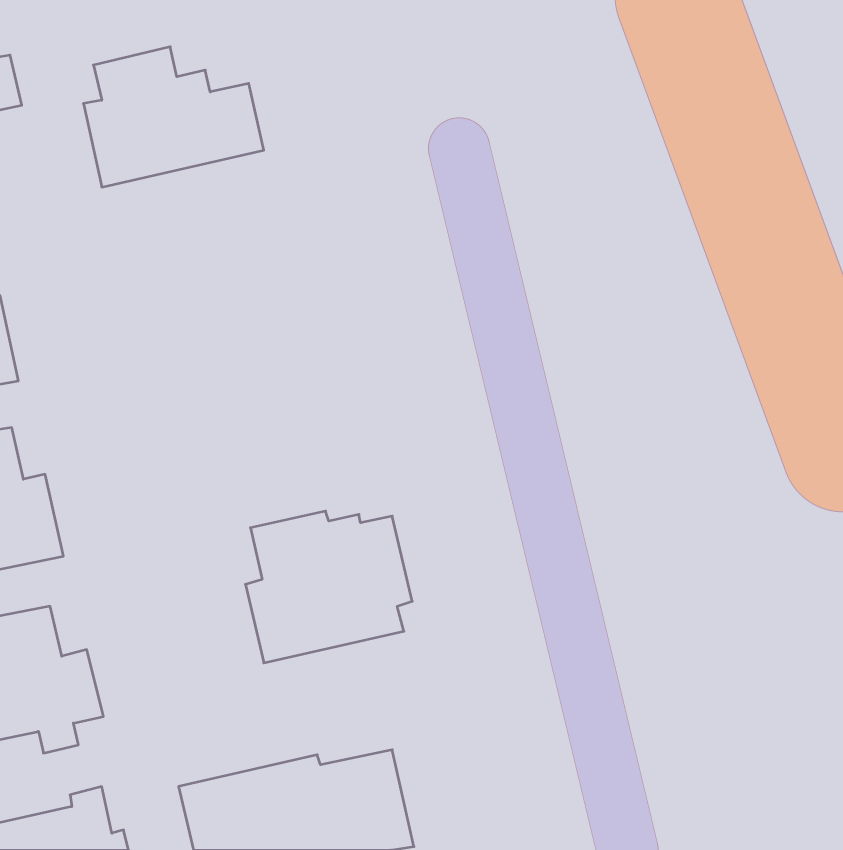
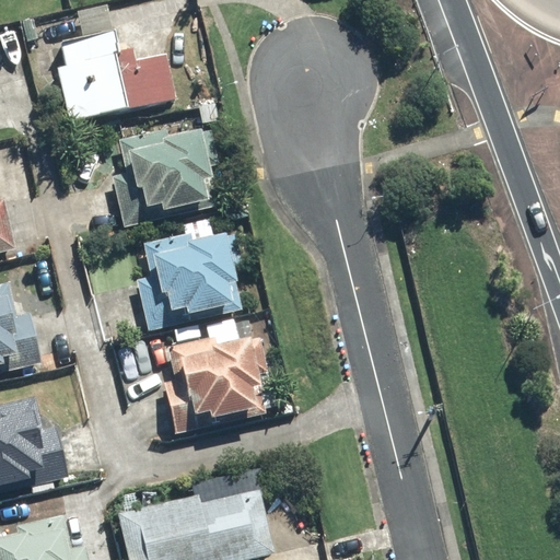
building: none -> [109,125,219,228]
building: none -> [133,219,241,334]

